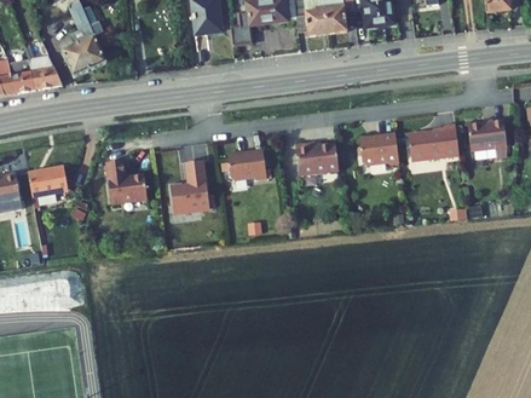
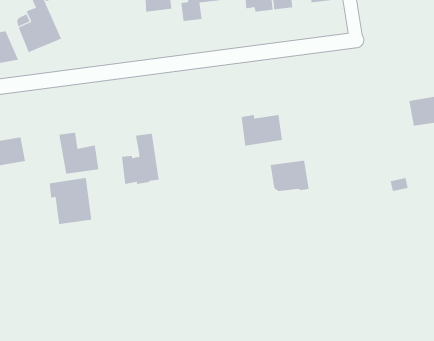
building: [406,125,457,160] -> none
building: [357,131,398,163] -> [270,160,310,192]
building: [225,148,265,179] -> none
building: none -> [49,177,92,225]

